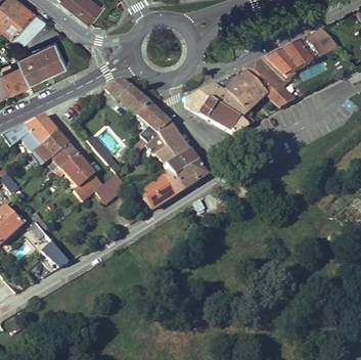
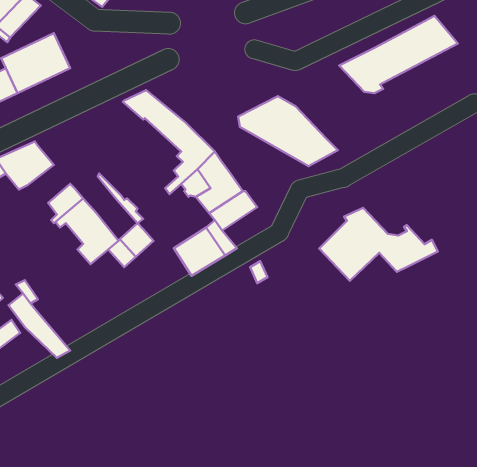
building: [224,62,307,114] -> [319,208,438,281]
building: [34,132,66,164] -> none
building: [173,162,207,190] -> none

